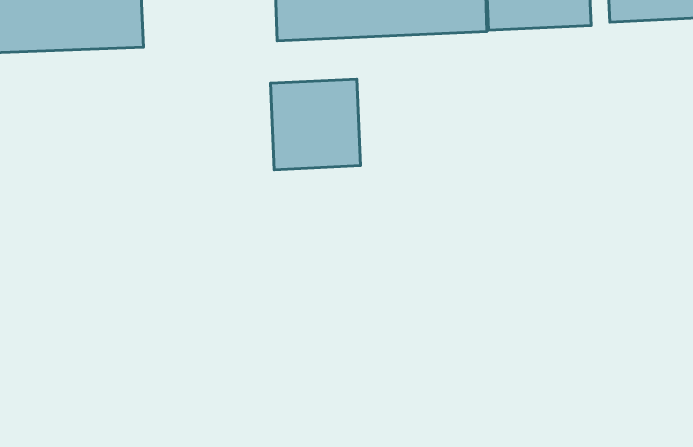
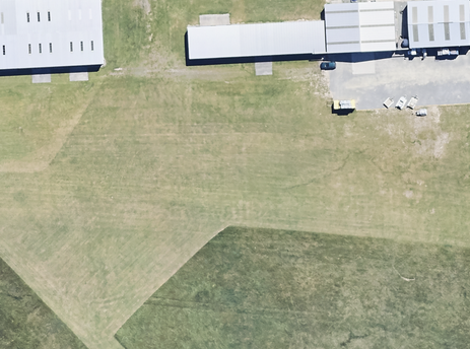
building: [270,79,361,170] -> none

